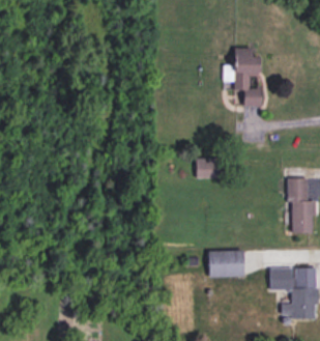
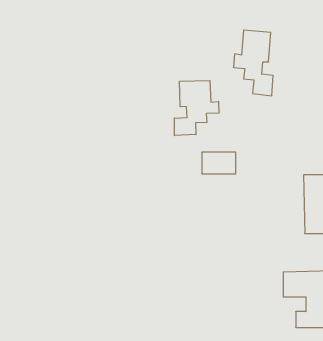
building: none -> [174,81,219,136]
building: [210,251,244,277] -> none

